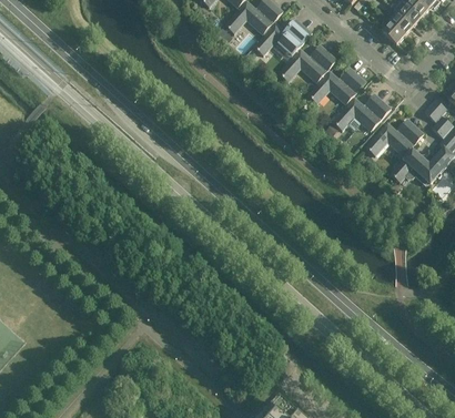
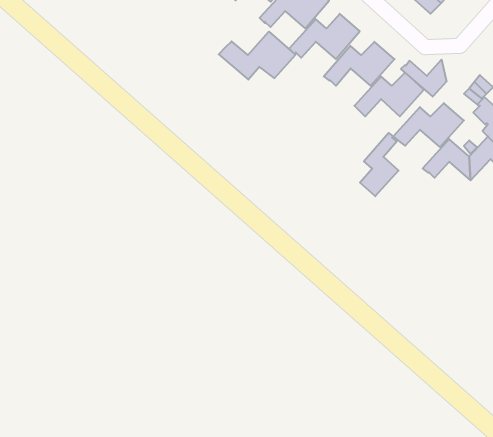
building: none -> [219,32,295,80]
building: none -> [401,60,446,97]
building: none -> [360,133,399,196]

